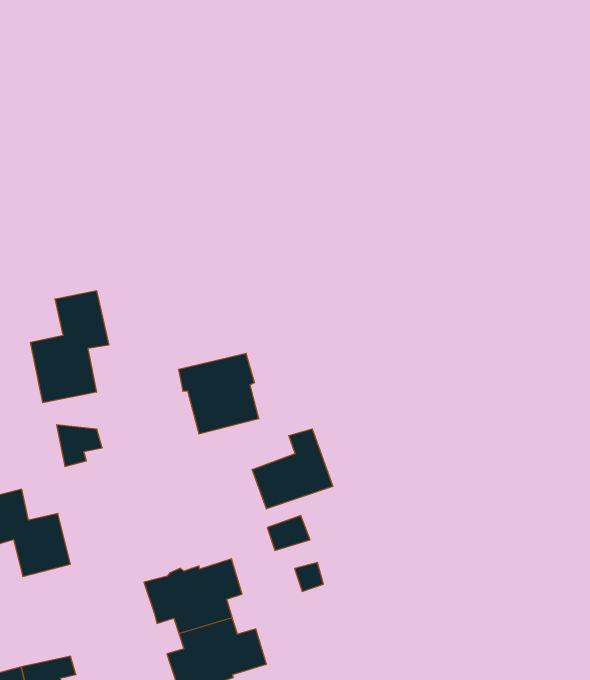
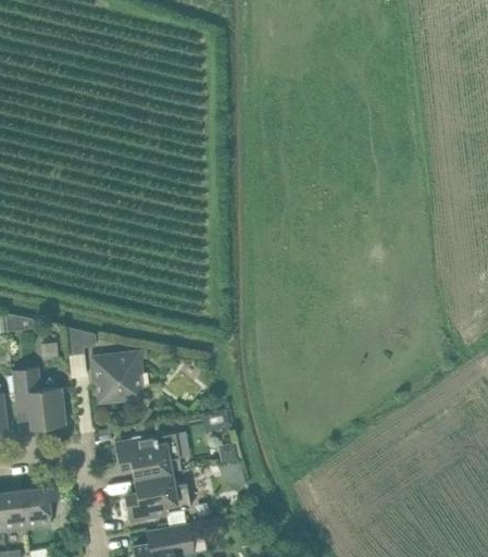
building: [31,291,109,403] -> none
building: [178,353,259,434] -> [91,352,142,404]
building: [252,429,333,509] -> none

